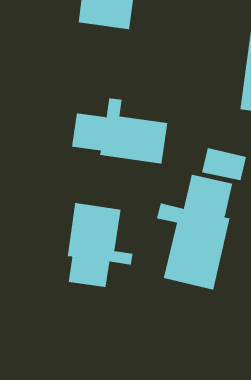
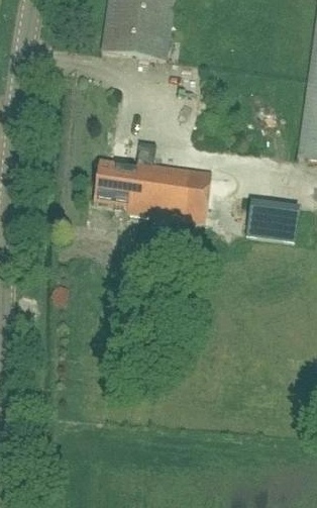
building: [156,174,233,290] -> none
building: [67,202,133,288] -> none

